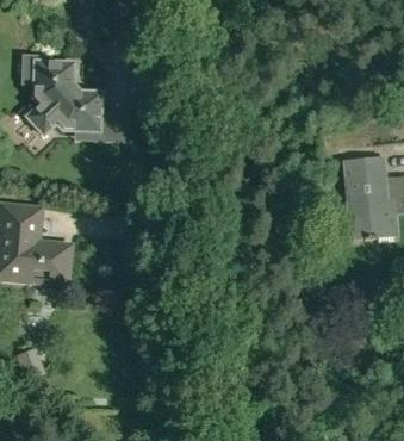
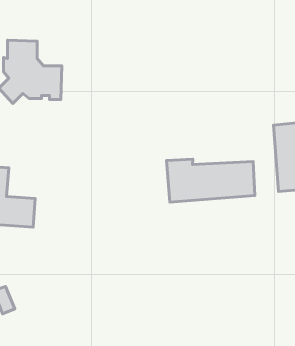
building: none -> [167,159,255,202]

